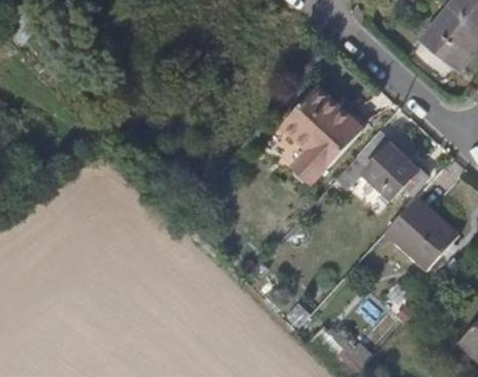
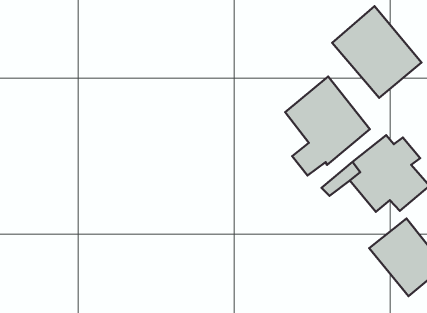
building: none -> [332,6,421,98]

